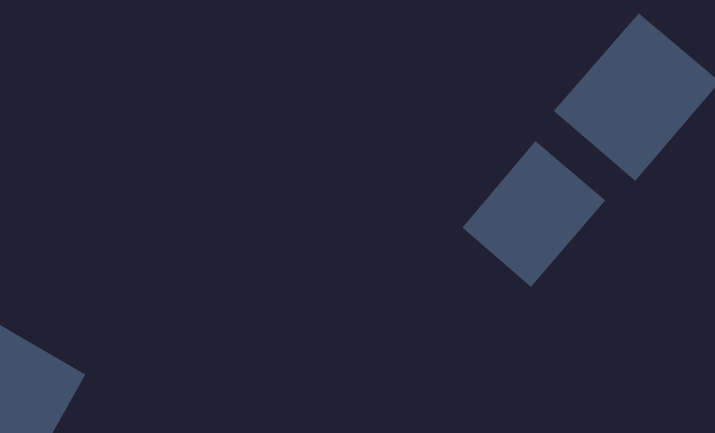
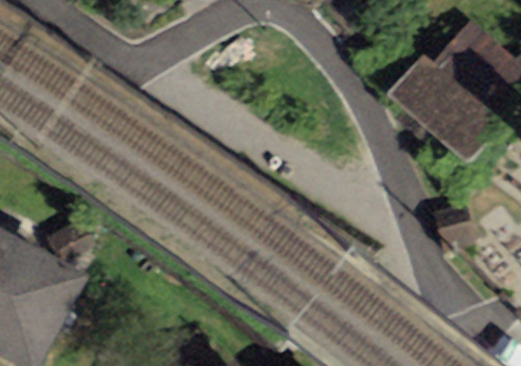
building: [462,140,606,288] -> none

